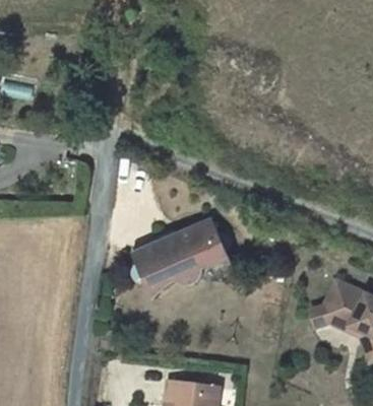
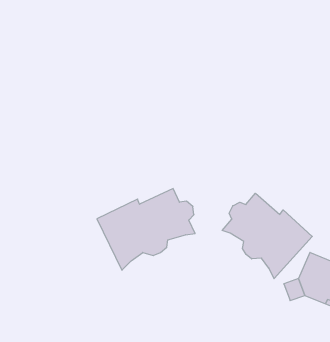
building: none -> [222,193,312,279]

